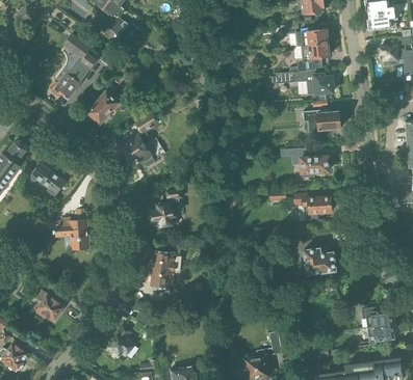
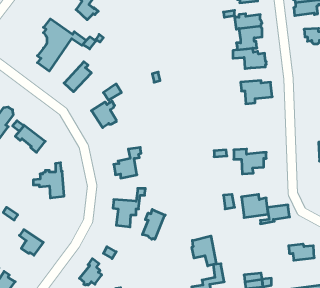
building: [281,148,330,178] -> none
building: none -> [142,209,165,239]
building: none -> [192,236,216,266]
building: [359,324,394,347] -> [260,205,290,224]

